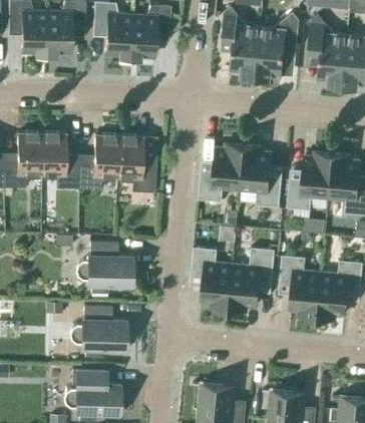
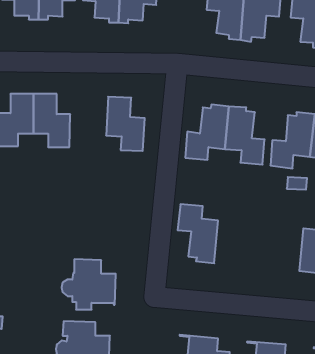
building: [78,135,118,189] -> none
building: [76,242,132,293] -> none
building: [229,249,275,311] -> none
building: [280,256,321,317] -> none

